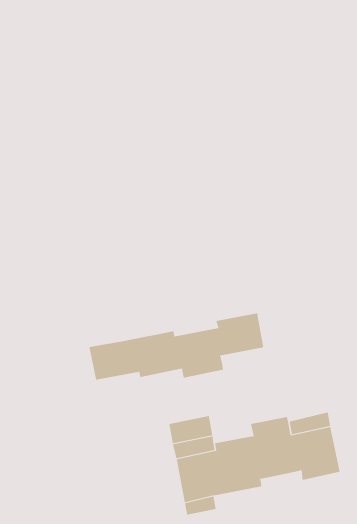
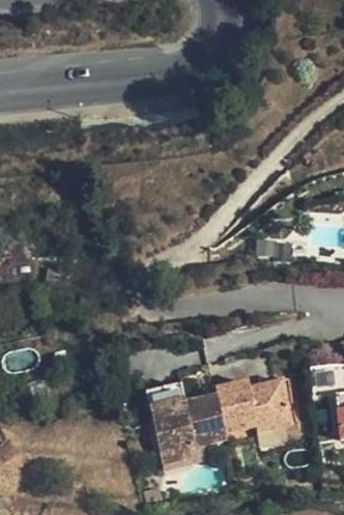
building: [89,313,264,381] -> none

